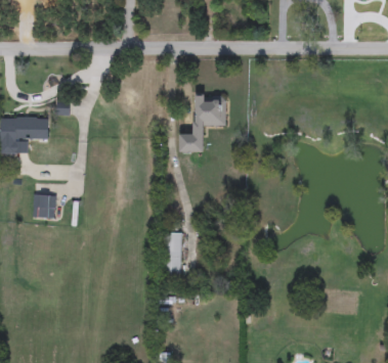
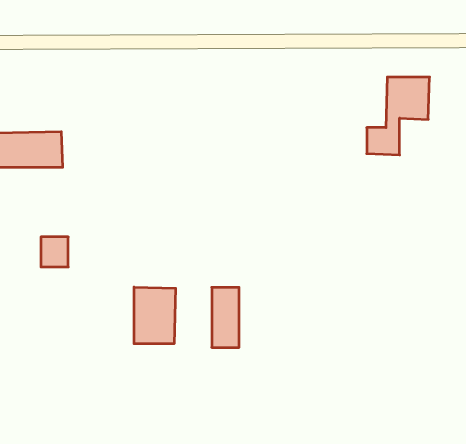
building: [179,95,226,153] -> [367,77,430,155]
building: none -> [134,287,176,344]

